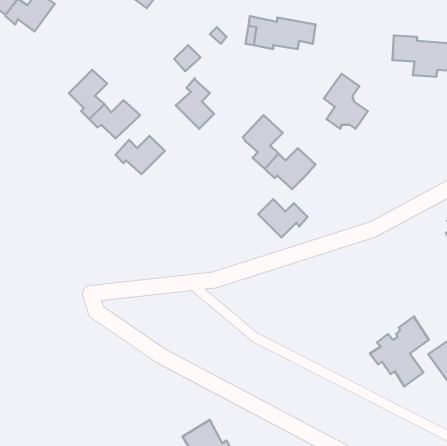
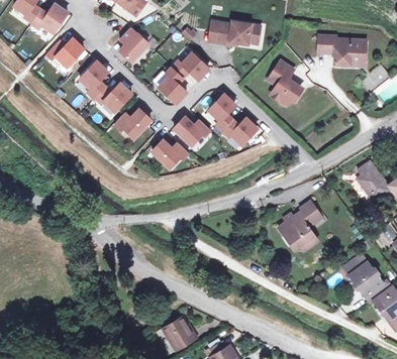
building: none -> [120,26,148,59]
building: none -> [46,36,84,66]
building: none -> [172,51,208,80]
building: none -> [151,139,188,166]
building: [258,199,308,238] -> [173,116,209,144]
building: [370,316,429,386] -> [279,202,322,253]

